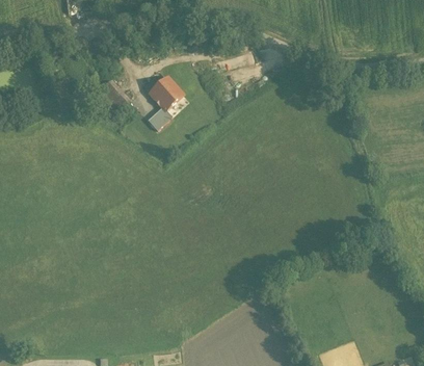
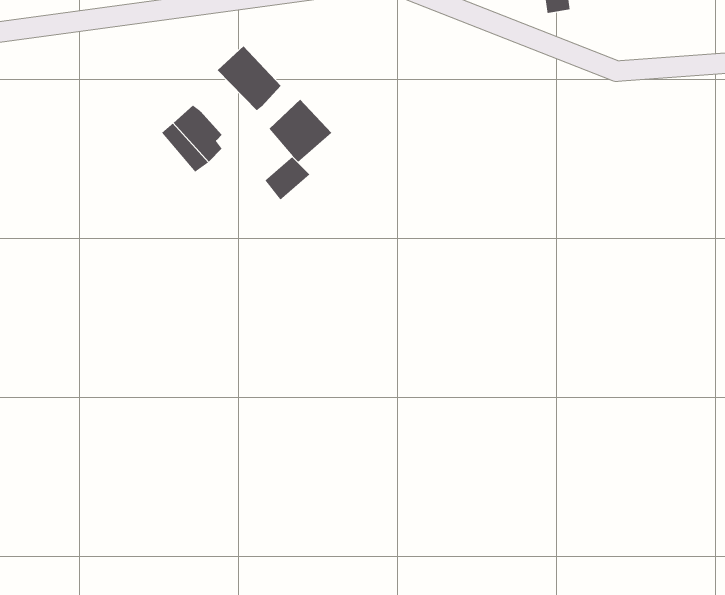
building: none -> [217,45,281,111]

